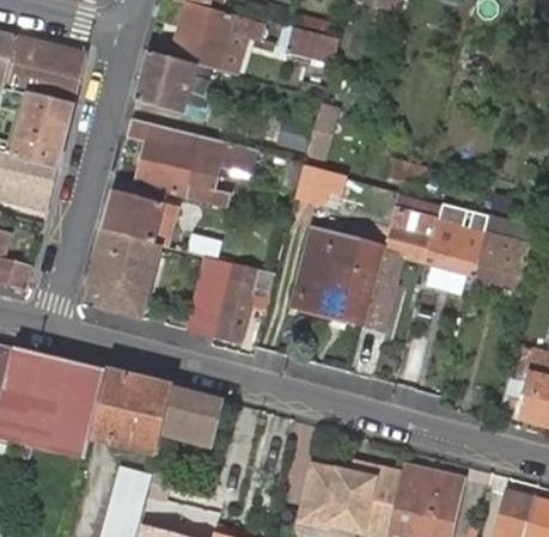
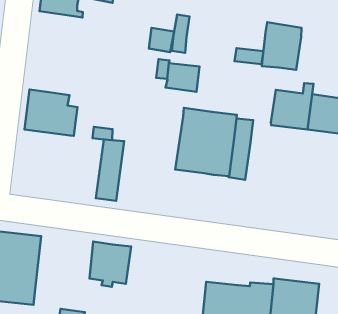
building: [136,77,197,114] -> none
building: [127,118,258,206] -> none
building: [382,194,440,261] -> [262,22,302,70]
building: [87,228,161,318] -> none
building: [216,263,275,343] -> none
building: [90,371,173,456] -> none

